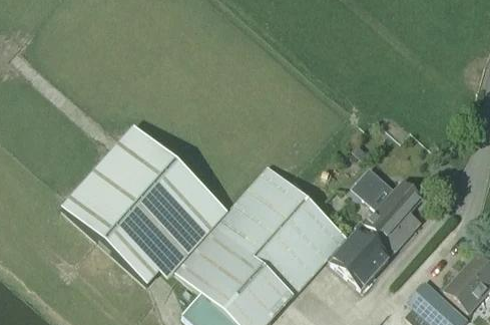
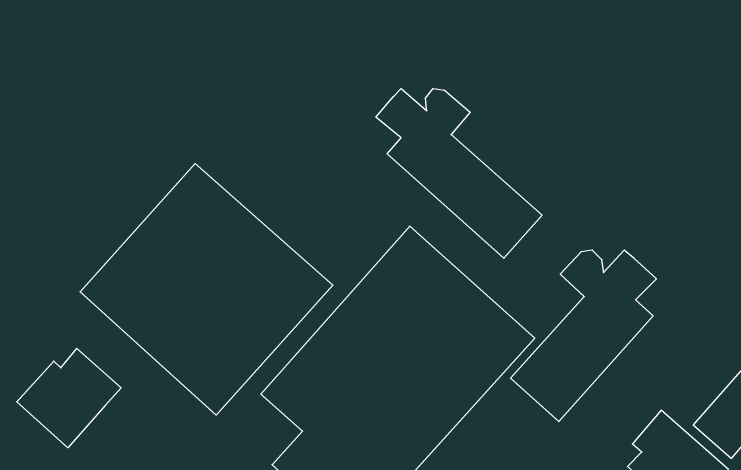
building: none -> [376,89,542,258]
building: none -> [17,348,121,448]

